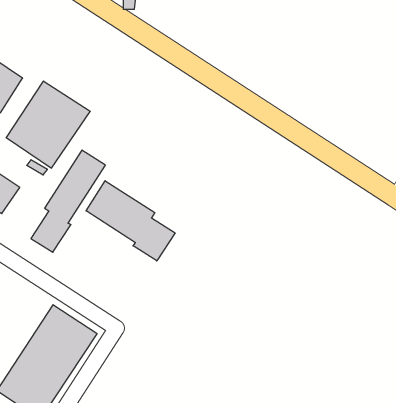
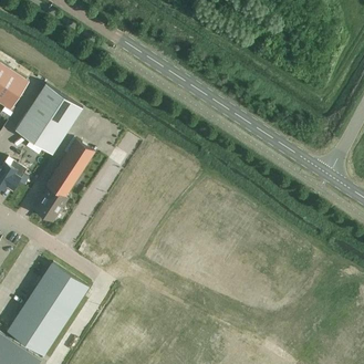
building: [86,181,175,261] -> none

